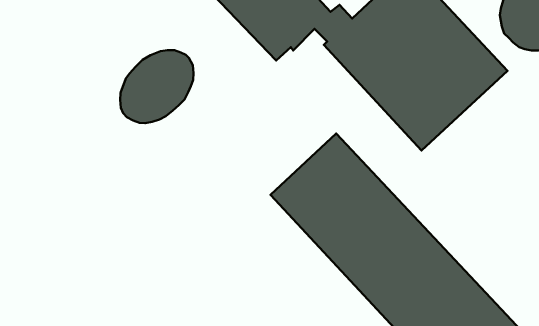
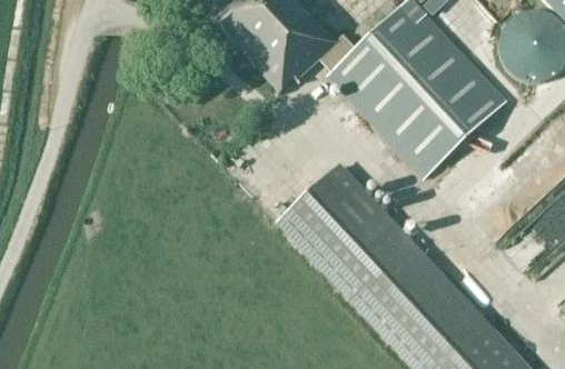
building: [120,50,194,123] -> none

